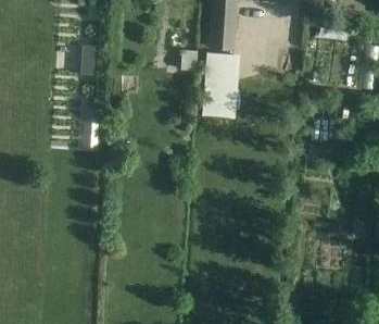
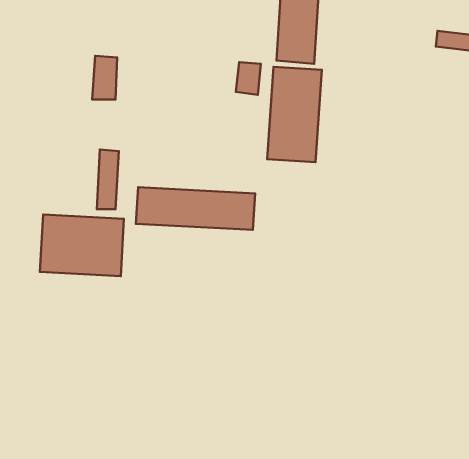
building: none -> [136,187,255,230]
building: none -> [40,215,124,276]

